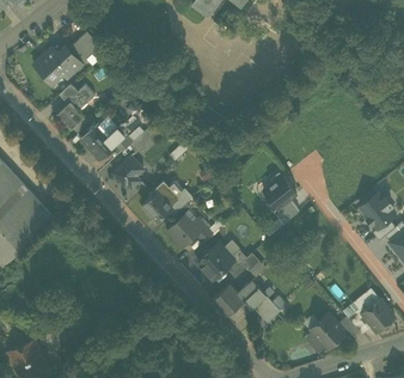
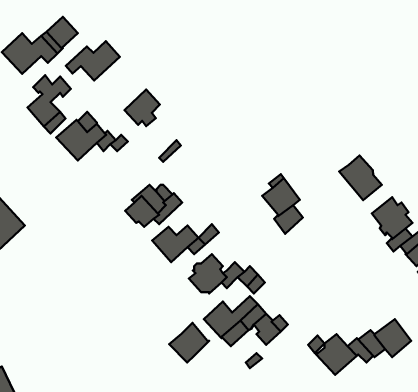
building: none -> [66,41,120,80]
building: none -> [339,156,382,200]
building: [111,156,142,188] -> [125,90,160,126]
building: none -> [169,323,209,362]

